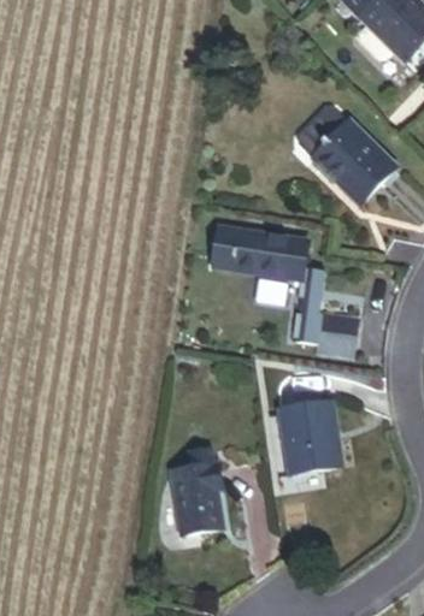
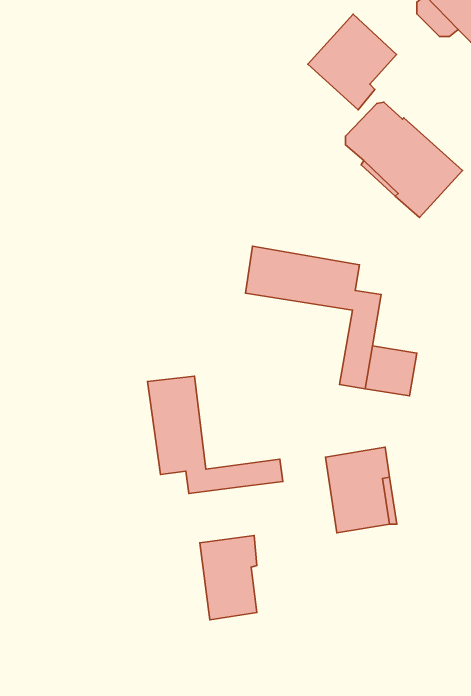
building: none -> [308,14,397,110]
building: none -> [148,376,283,494]

